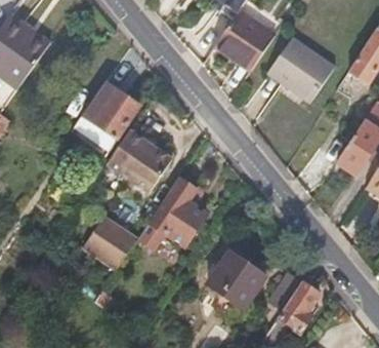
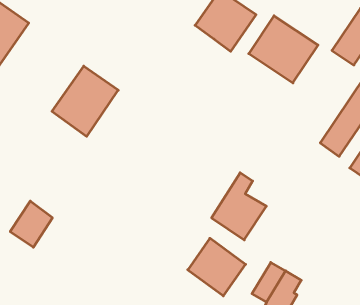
building: [108,130,172,193] -> none
building: [155,181,208,246] -> [212,173,266,240]
building: [86,218,127,263] -> [10,201,52,247]

